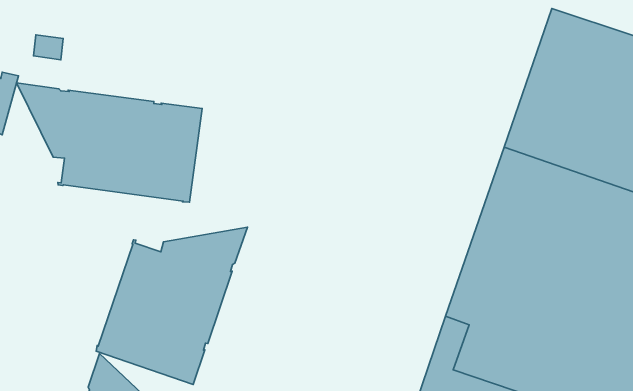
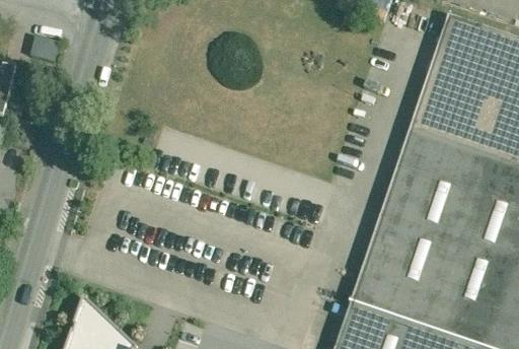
building: [16,83,202,202] -> none
building: [96,227,247,385] -> none

